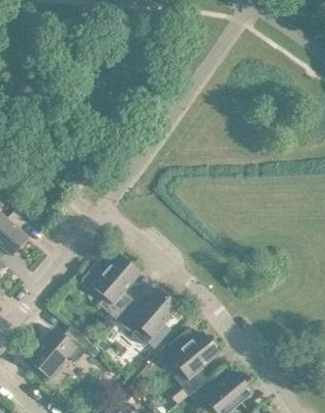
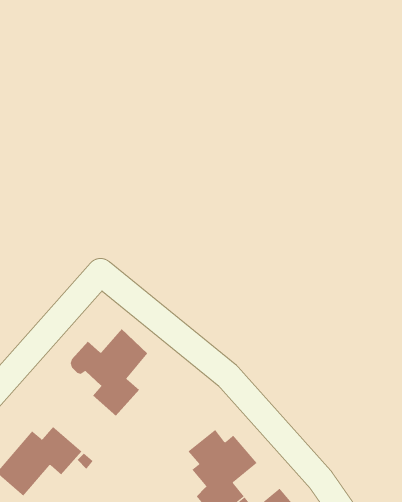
building: [116,291,178,339] -> none

